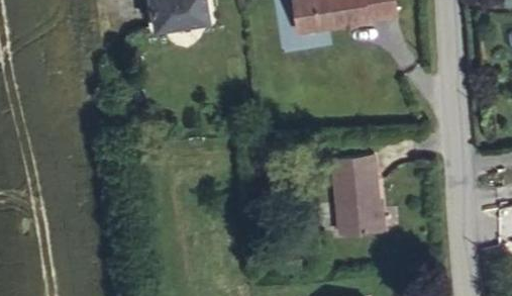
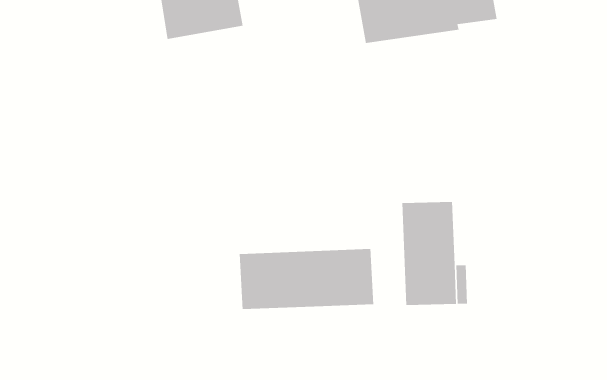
building: none -> [239,248,374,310]

